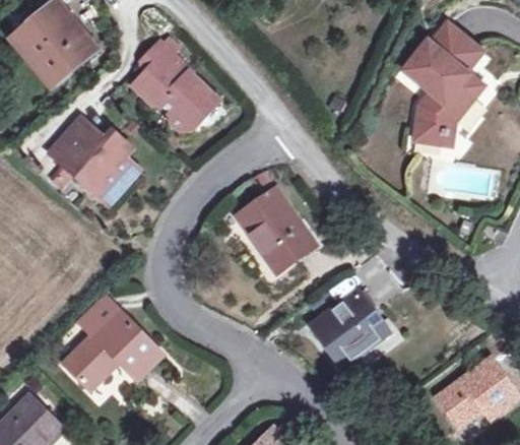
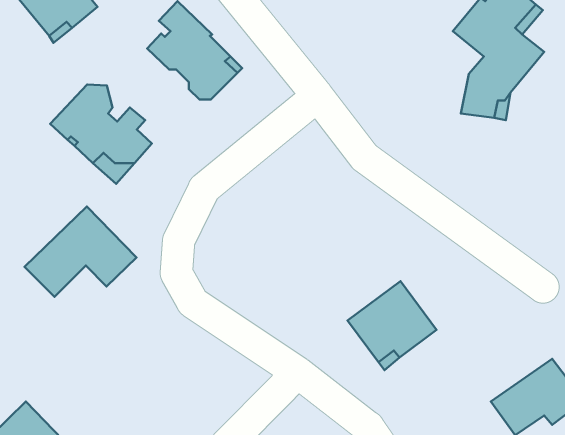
building: [236,187,315,271] -> none
building: [63,308,161,387] -> [24,207,137,297]

